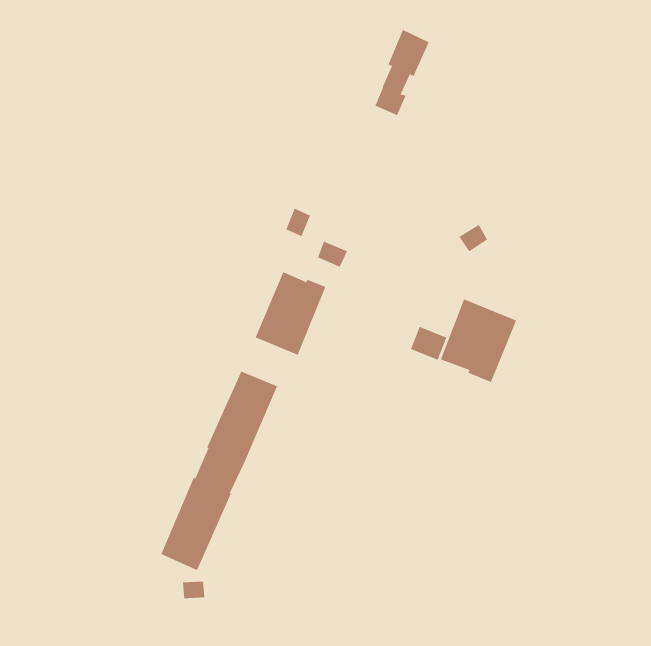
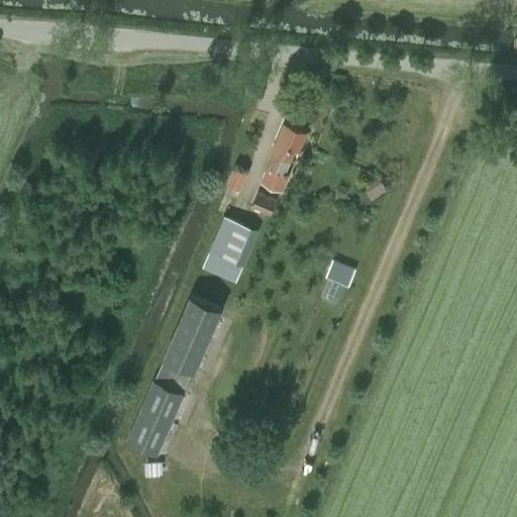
building: [375,29,429,116] -> [262,123,305,192]
building: [440,299,517,383] -> none

